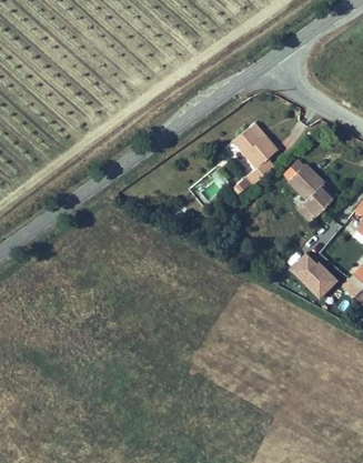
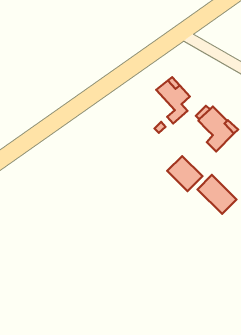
building: none -> [167,156,202,191]

